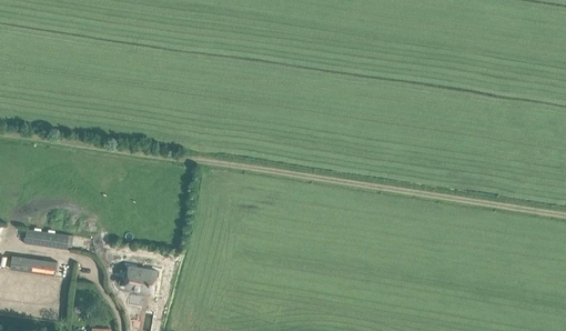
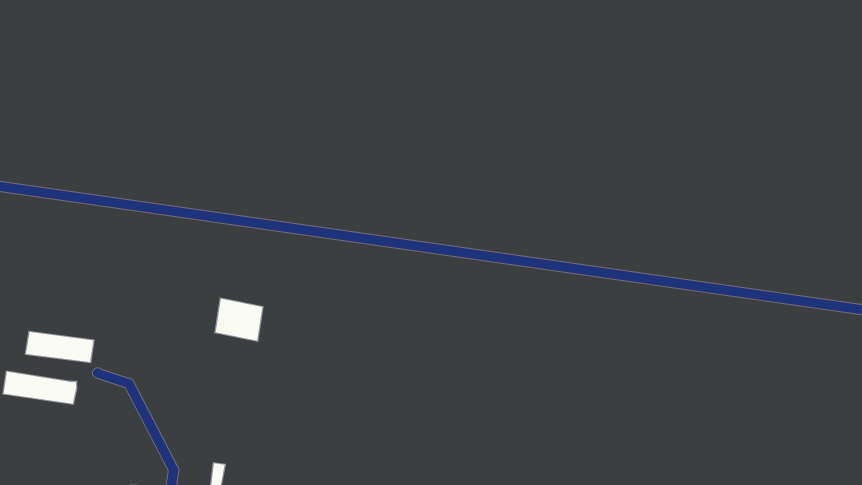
building: [124,267,155,294] -> [215,298,263,341]

